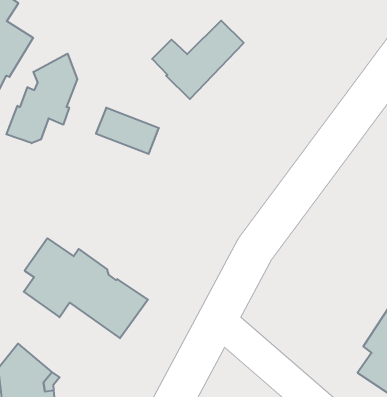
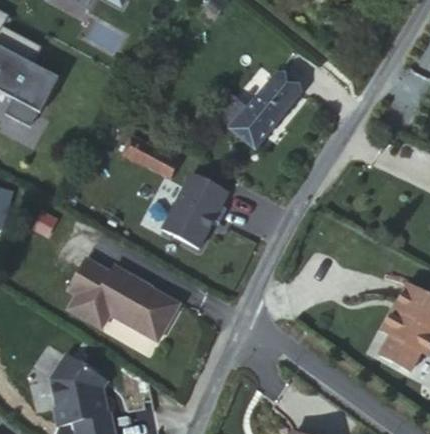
building: [152,21,244,99] -> [218,75,299,148]
building: [6,54,77,143] -> none
building: none -> [163,171,229,249]

